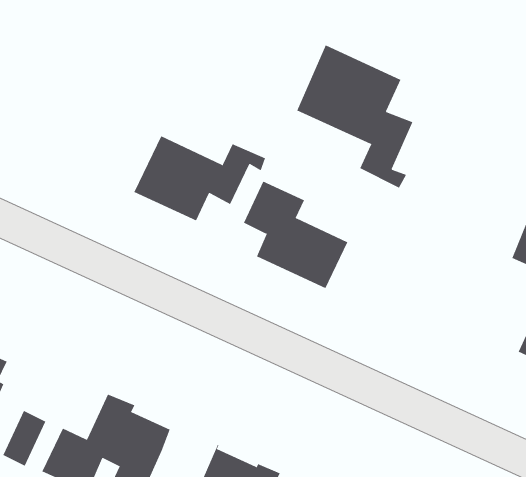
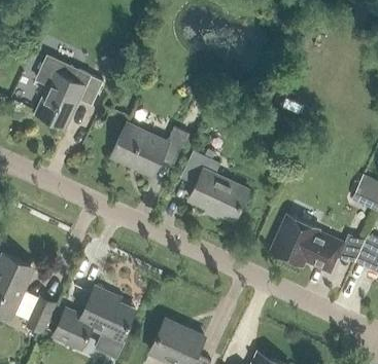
building: none -> [35,57,103,129]
building: [296,45,413,188] -> none
building: none -> [271,216,342,271]

